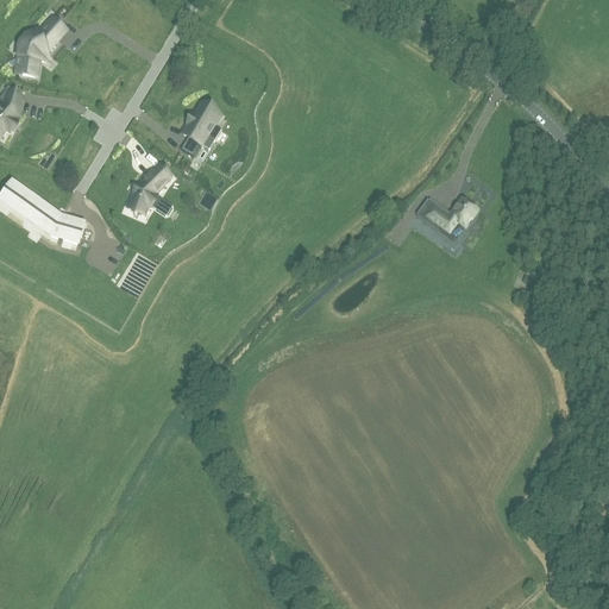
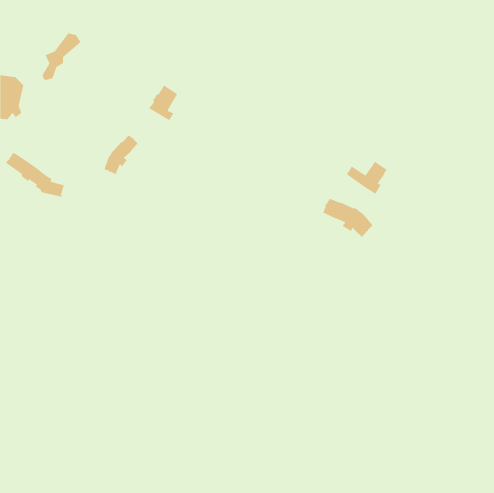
building: [11,13,59,73] -> [42,32,81,81]
building: none -> [322,198,374,238]

